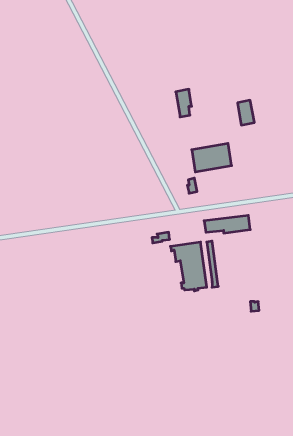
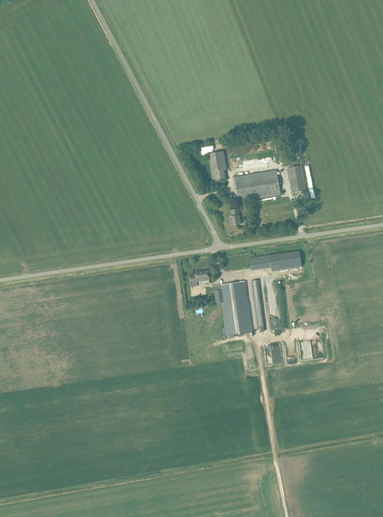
building: [176,89,192,117] -> [208,150,226,182]
building: [238,100,254,125] -> [288,165,307,193]

